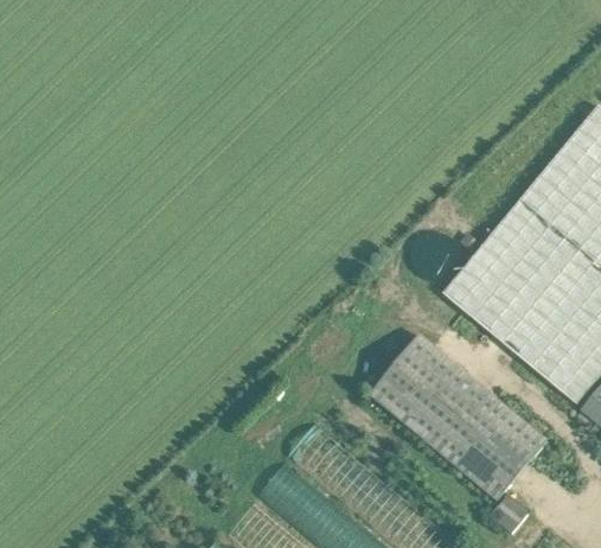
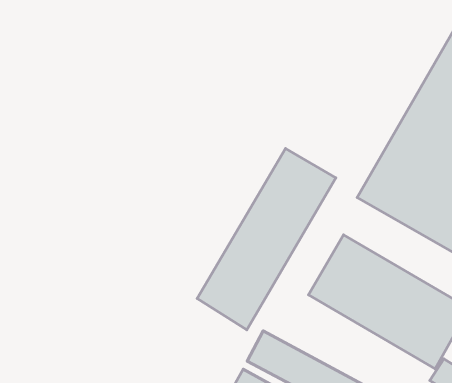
building: none -> [197,148,336,330]

